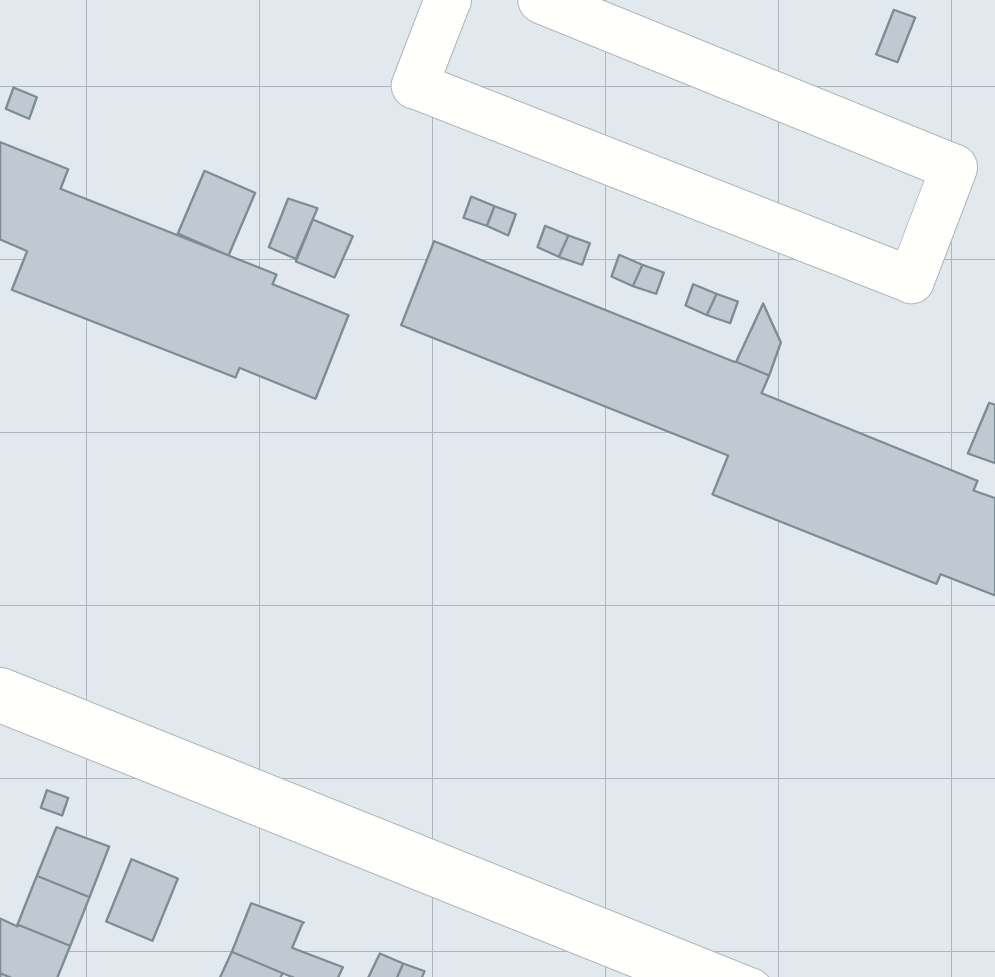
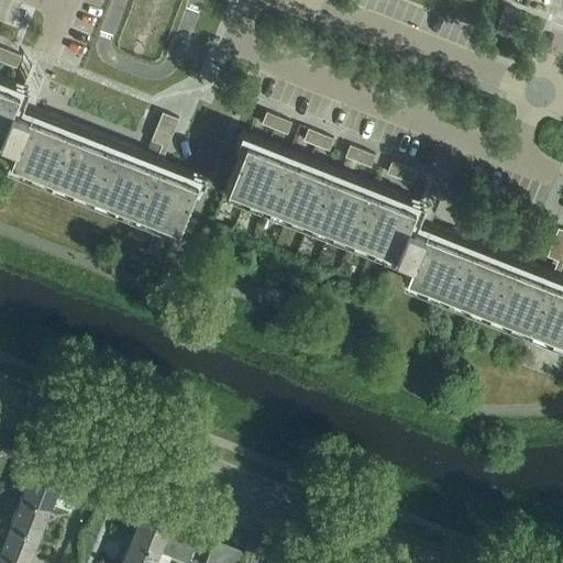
building: [178,171,255,255] -> none
building: [296,219,353,277] -> none
building: [106,859,178,941] -> none

